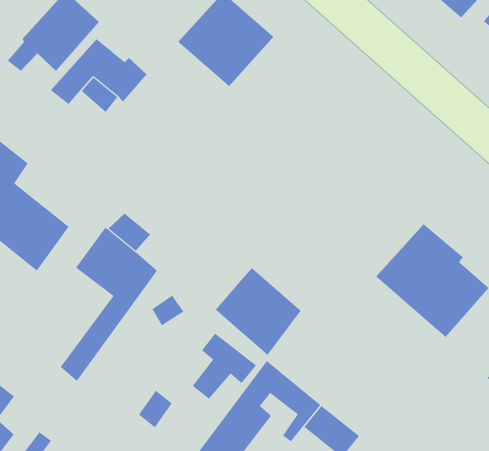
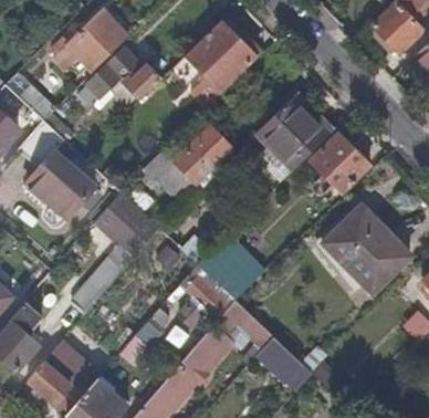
building: none -> [254,98,327,171]
building: none -> [310,134,367,192]
building: none -> [158,127,232,200]

